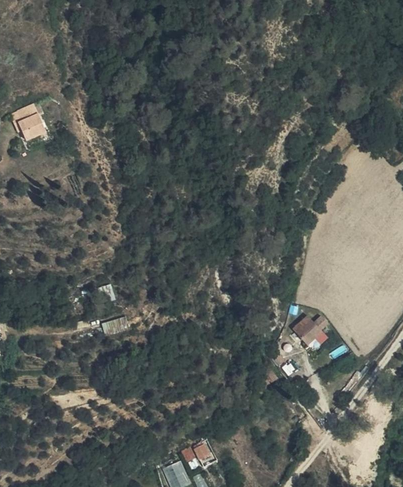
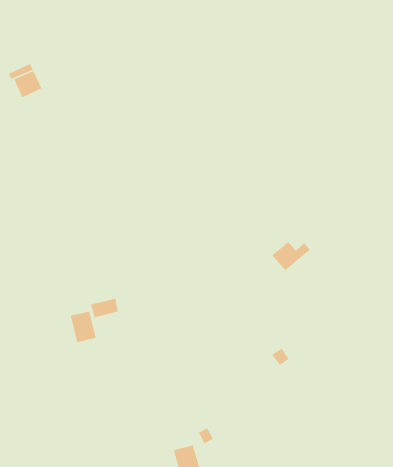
building: [289,317,326,345] -> [271,241,311,271]
building: none -> [70,311,96,343]

